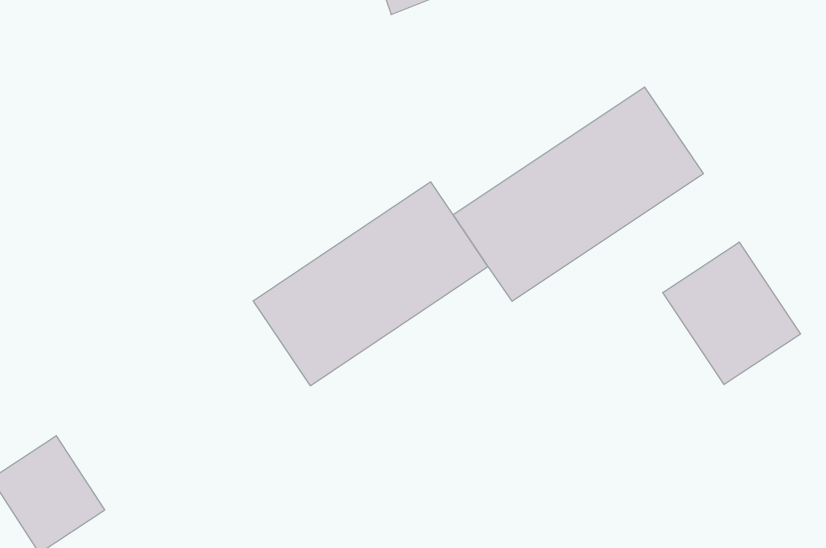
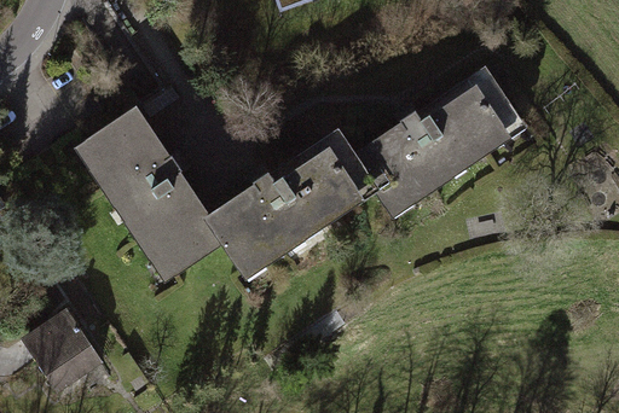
building: none -> [75,107,225,283]
building: [663,242,801,385] -> none

